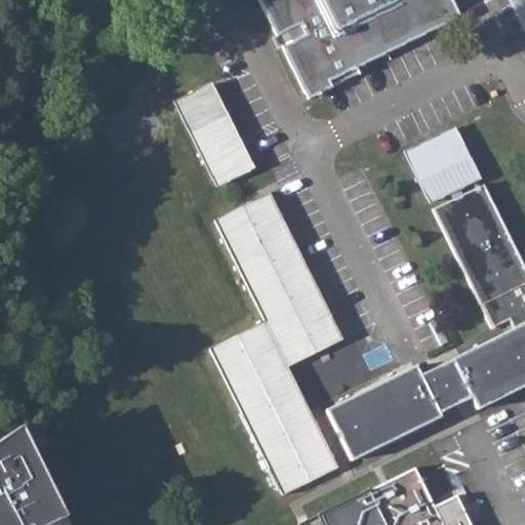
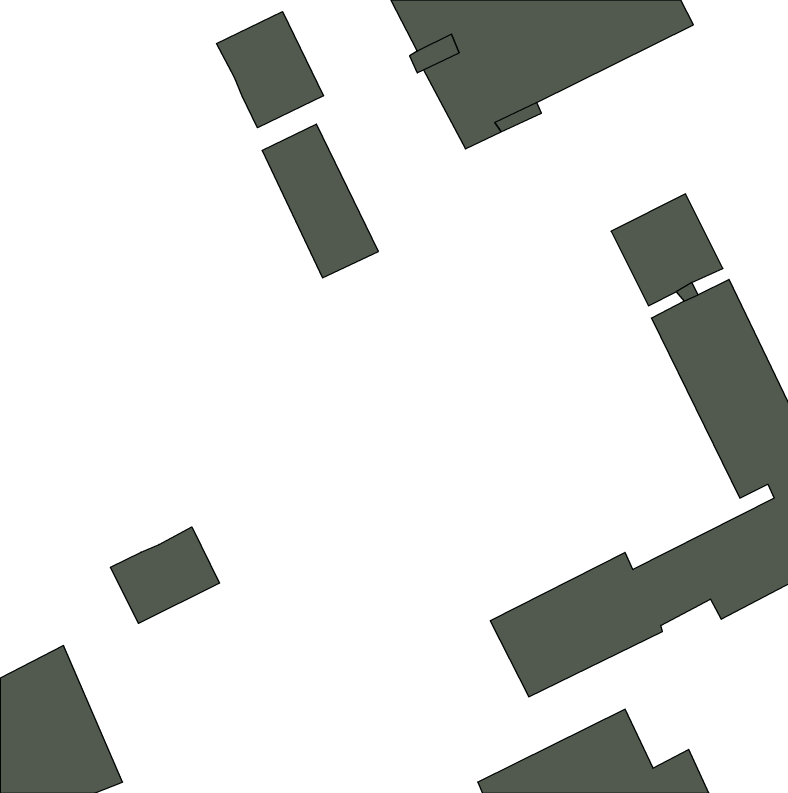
building: none -> [217,12,323,128]
building: [210,193,344,495] -> none
building: none -> [111,527,220,623]

